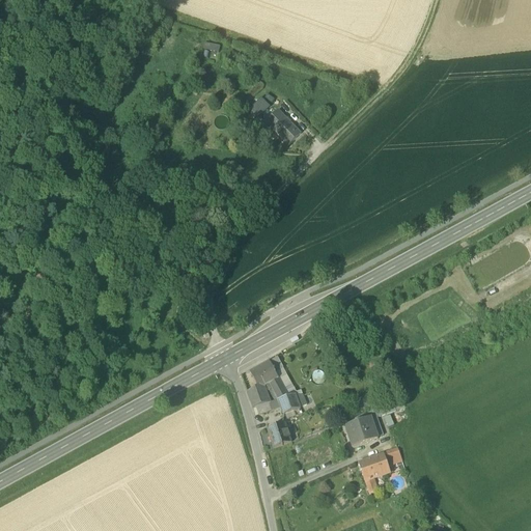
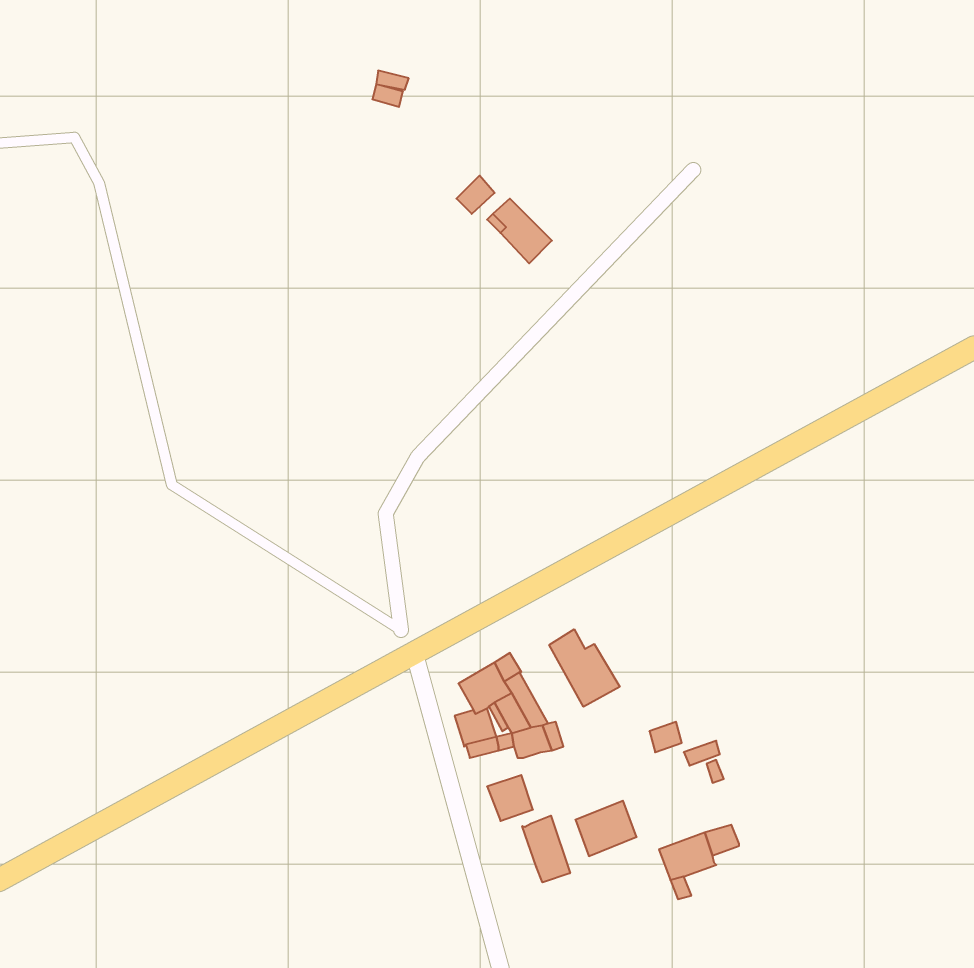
building: none -> [549,629,620,707]
building: [346,416,380,446] -> [575,801,637,856]
building: none -> [522,816,570,882]

